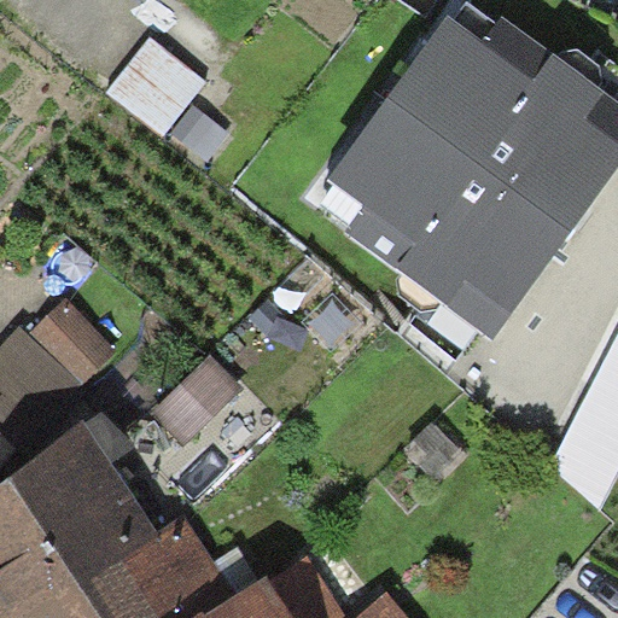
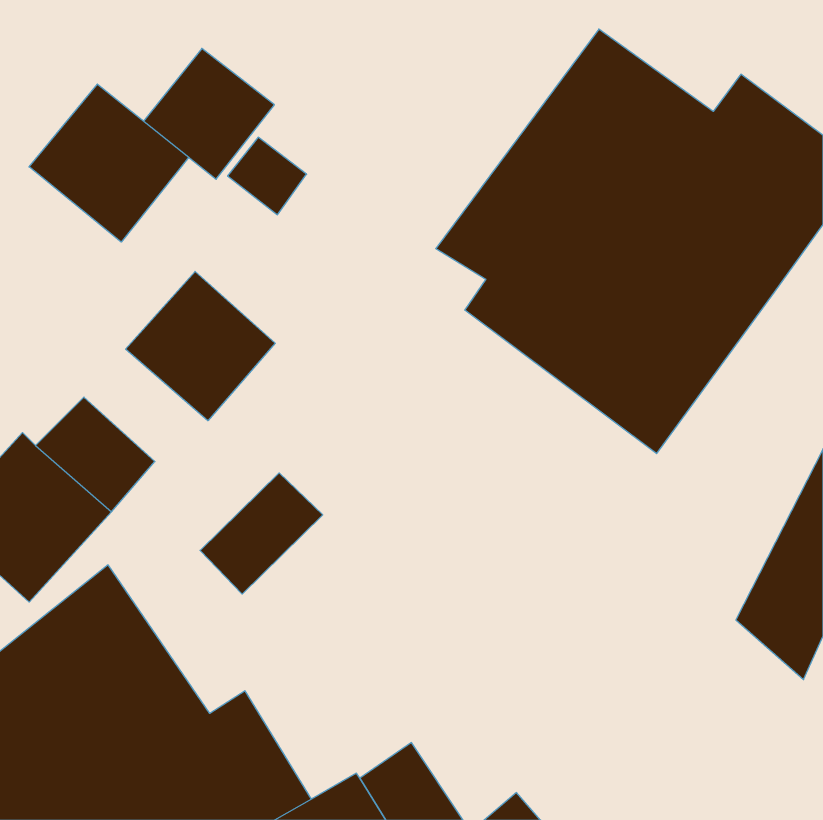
building: none -> [29,84,189,242]
building: none -> [126,271,275,421]

